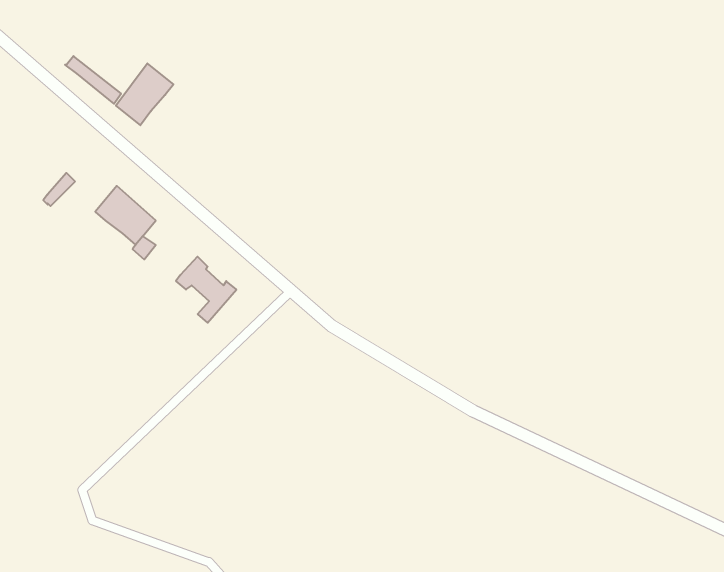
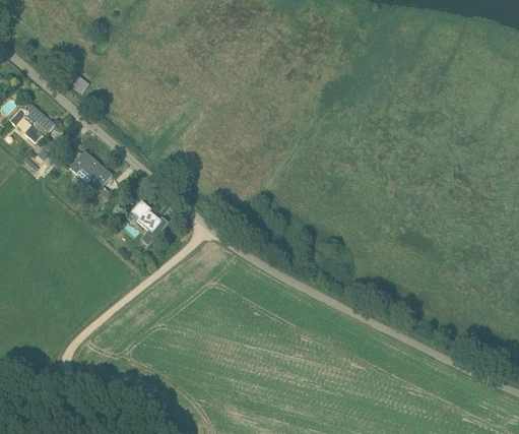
building: [116,63,173,125] -> none
building: none -> [10,100,56,142]

